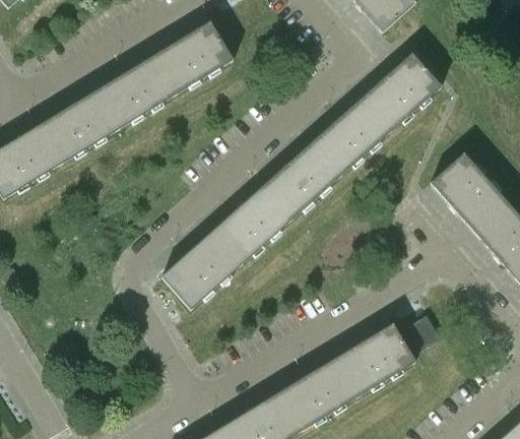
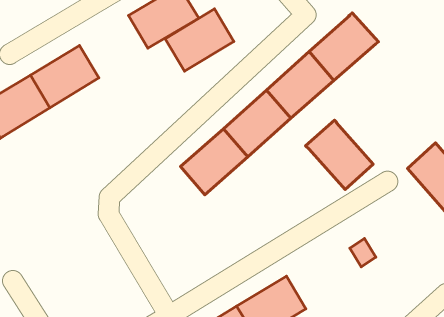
building: [95,57,175,129] -> [165,9,234,71]
building: [430,153,508,234] -> [306,120,373,190]
building: [161,232,241,310] -> none
building: [335,323,415,396] -> none

